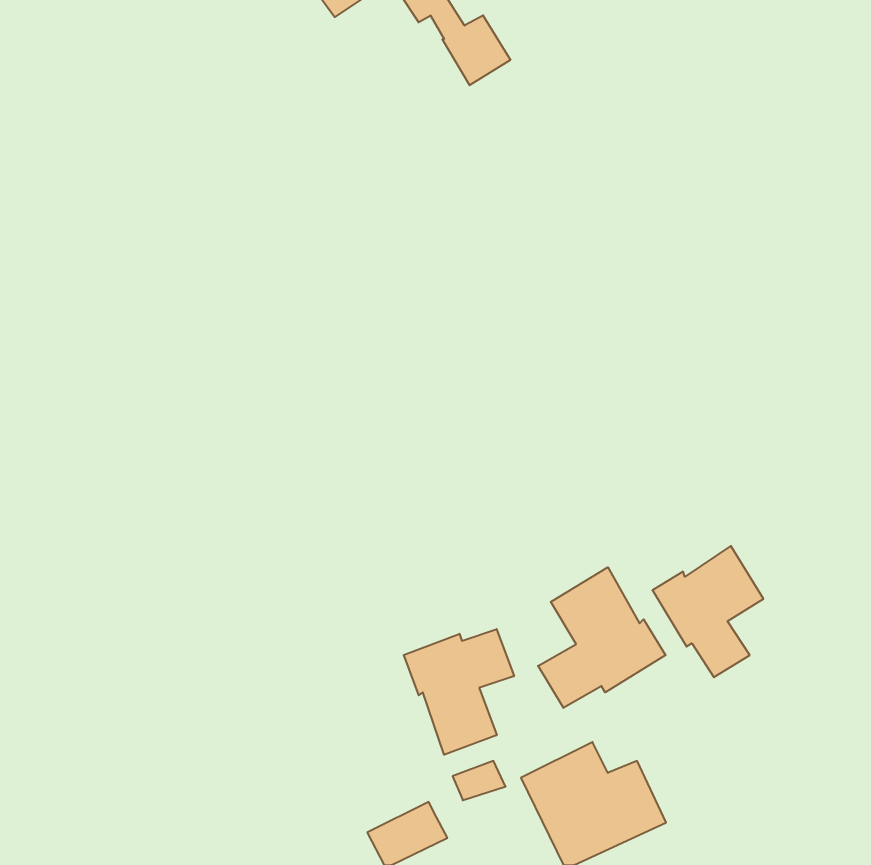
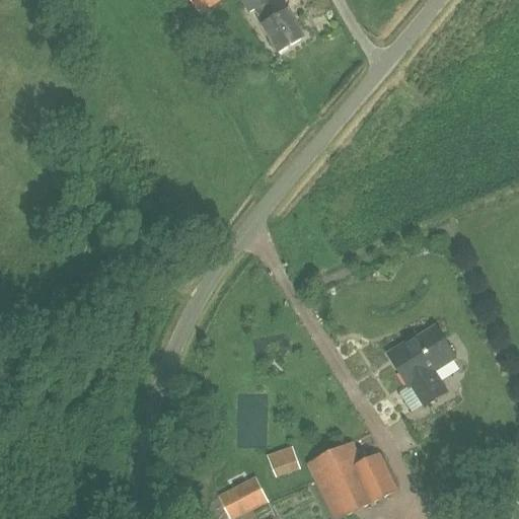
building: [538,567,666,708] -> none
building: [404,629,514,755] -> none

